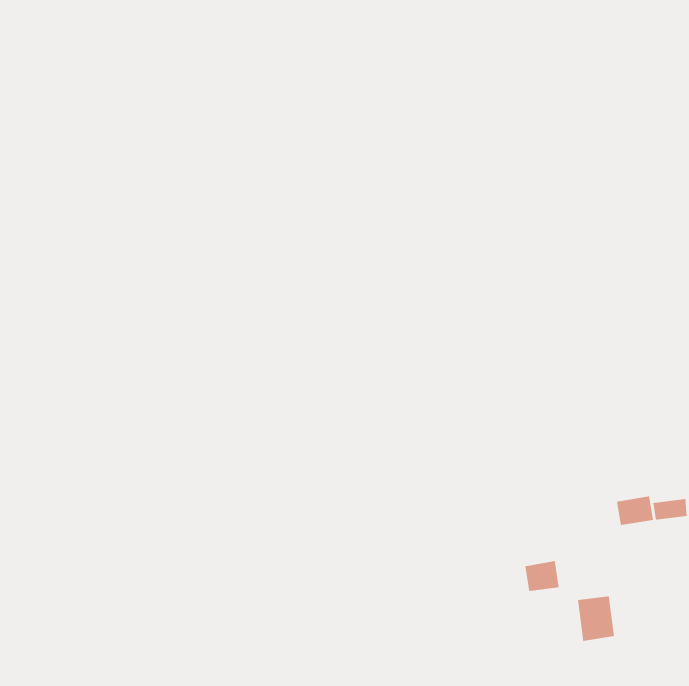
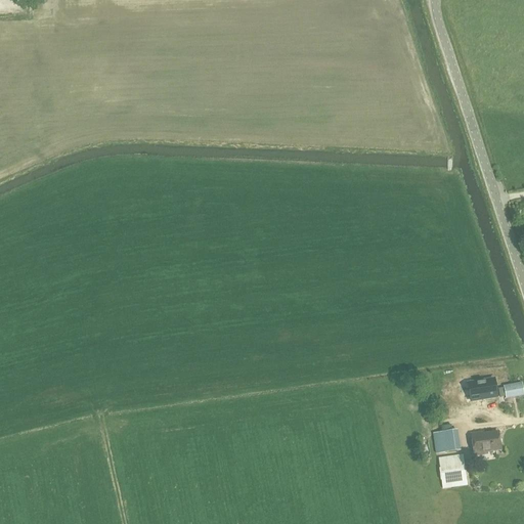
building: [525,561,560,592] -> [433,428,460,451]
building: none -> [471,430,500,453]

